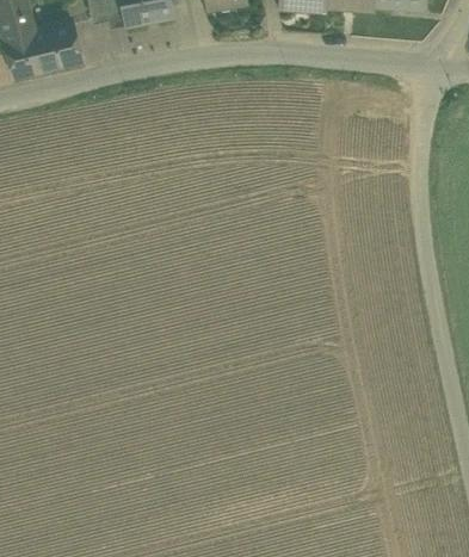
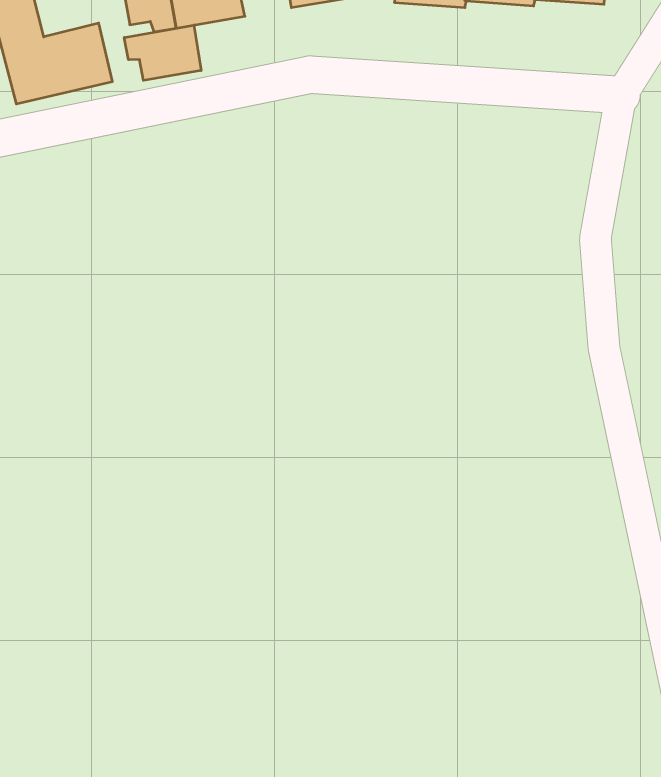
building: none -> [124,25,201,80]

